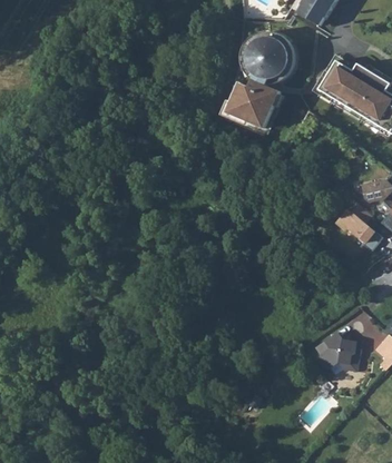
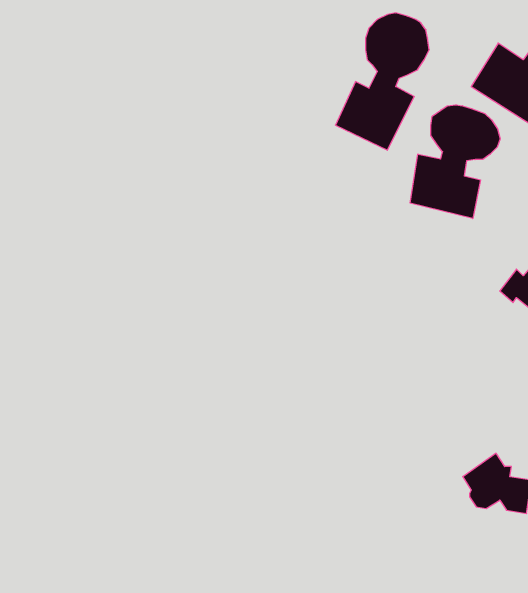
building: none -> [410,105,500,219]

